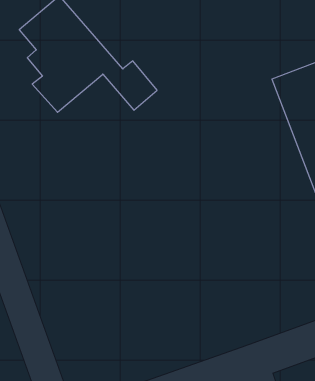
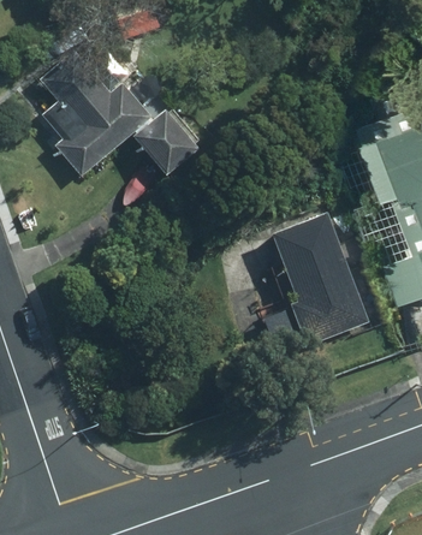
building: none -> [277,224,365,346]

